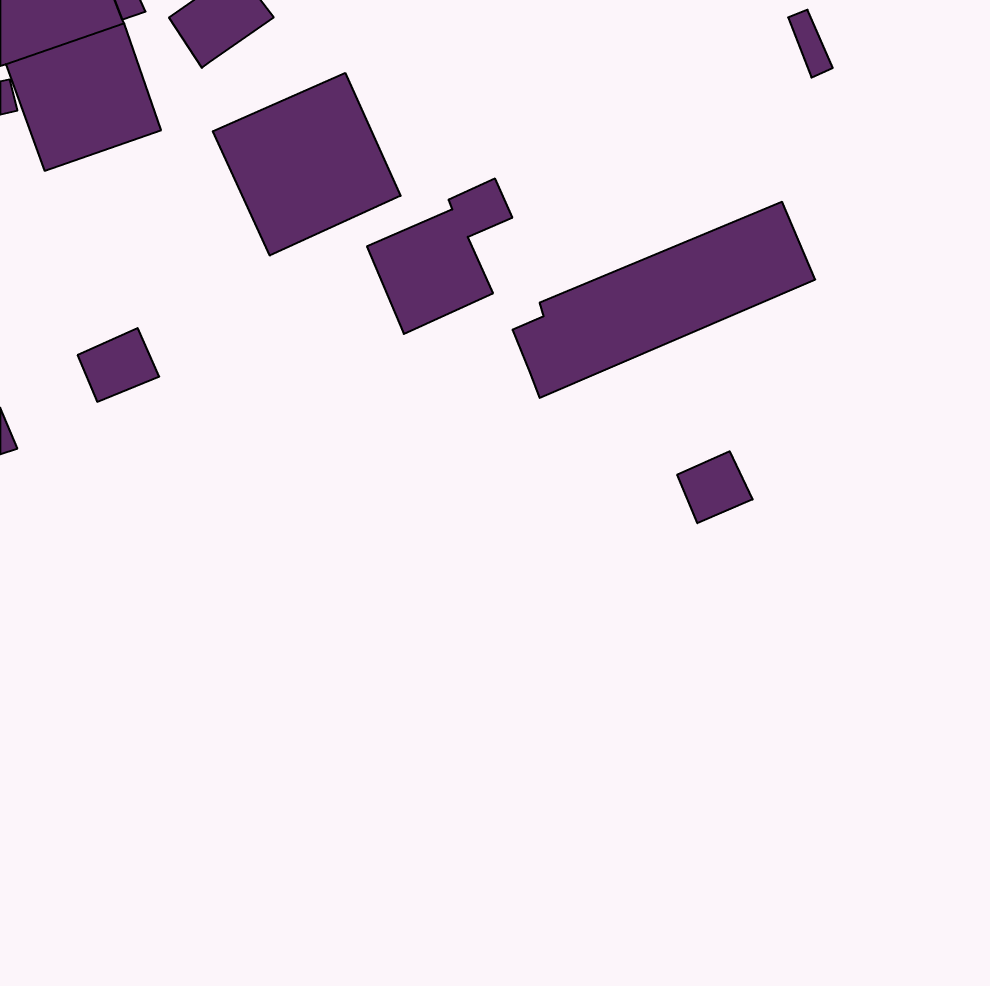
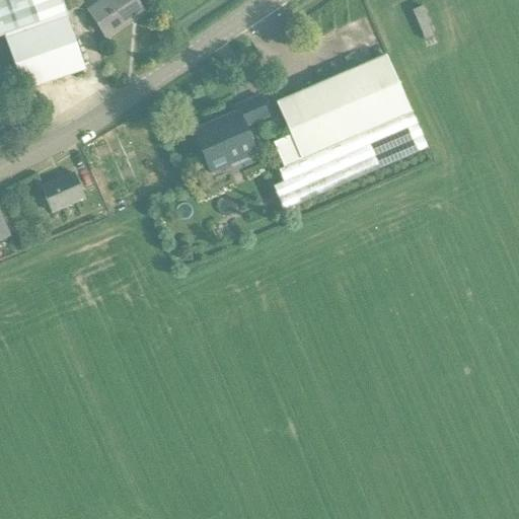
building: [213,73,401,256] -> none
building: none -> [275,53,410,158]
building: [677,451,753,523] -> none

